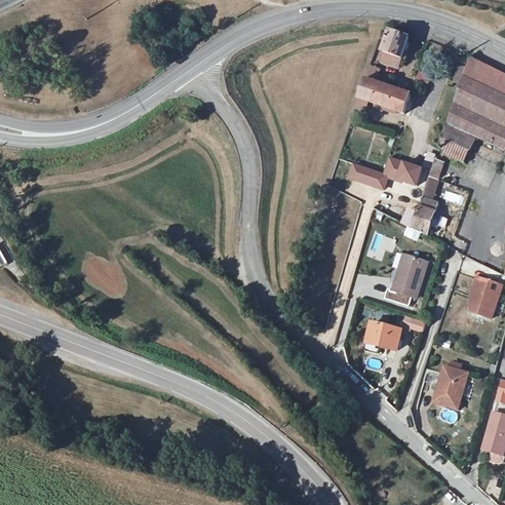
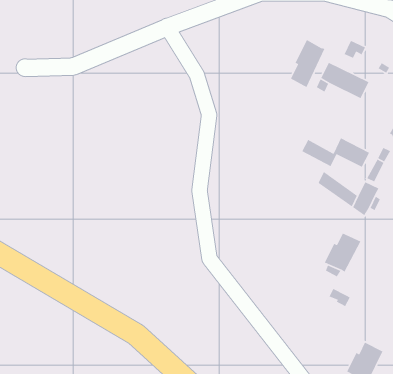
building: [382,30,409,56] -> none
building: none -> [290,39,325,88]
building: [366,321,401,348] -> none

